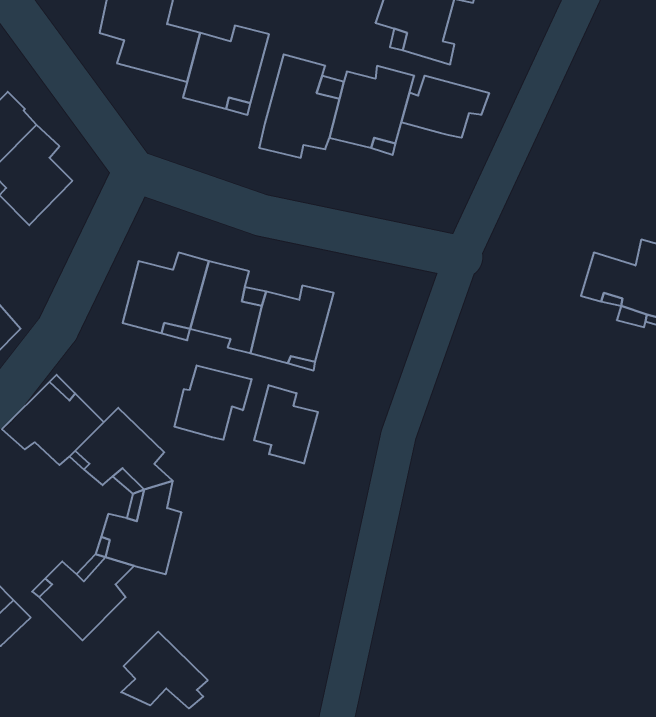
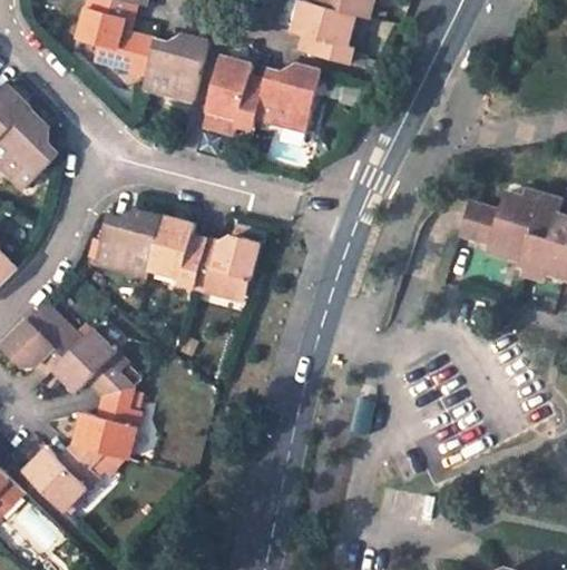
building: [402,76,489,138] -> none
building: [174,365,252,440] -> none
building: [254,385,318,464] -> none
building: [121,632,208,708] -> none

